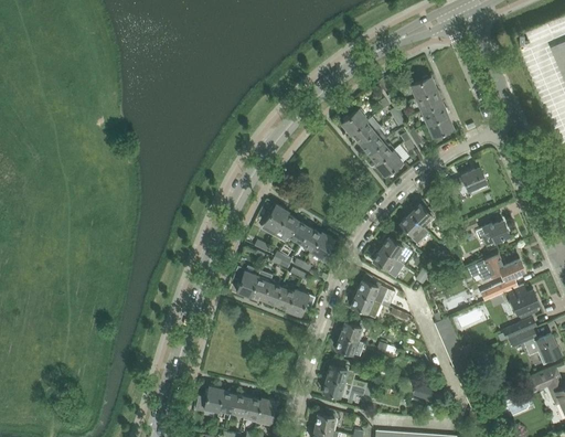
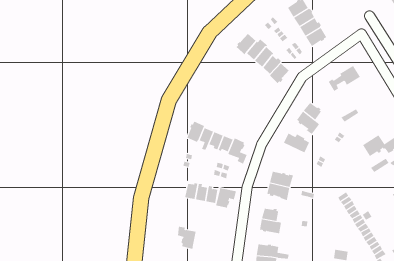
building: [476,221,510,246] -> none
building: [373,247,405,277] -> none
building: [234,266,258,297] -> [177,226,197,249]

